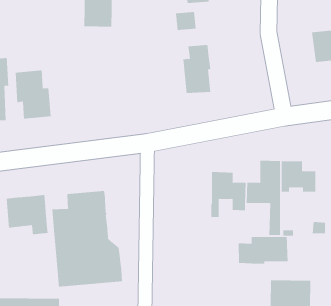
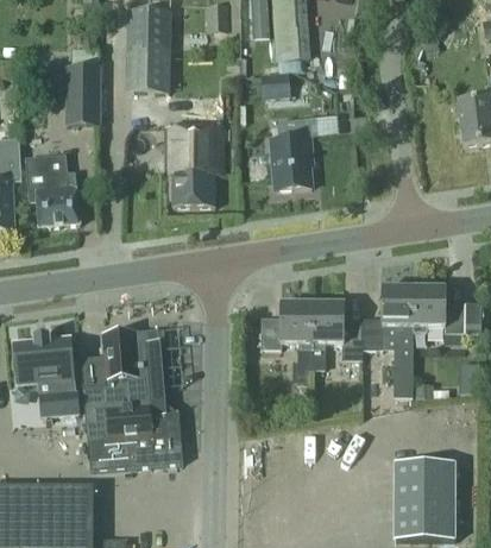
building: none -> [70,67,99,124]
building: none -> [166,124,225,206]
building: none -> [260,302,311,348]
building: none -> [39,391,78,416]
building: [238,236,288,265] -> none

